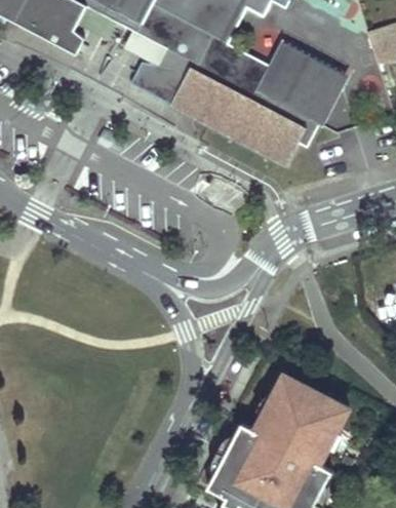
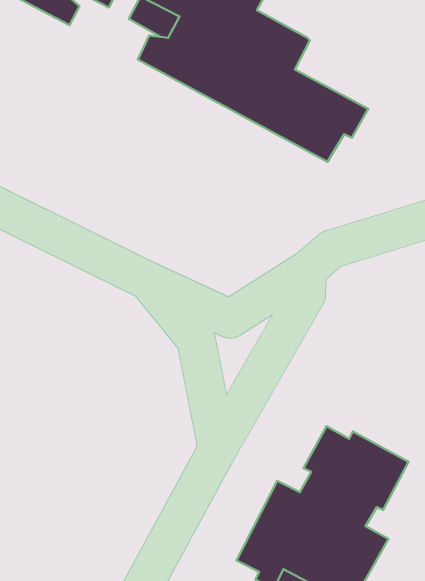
building: [258,38,349,124] -> none

